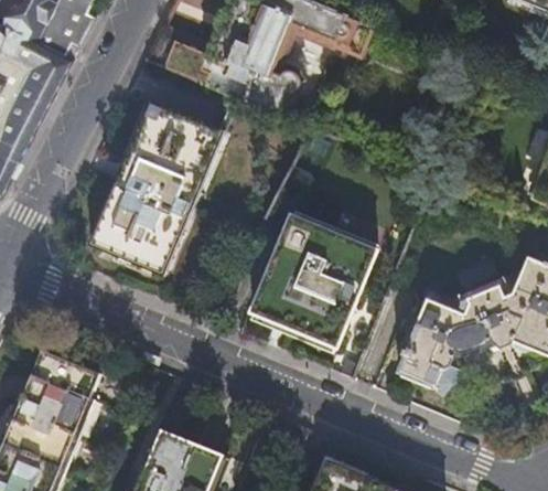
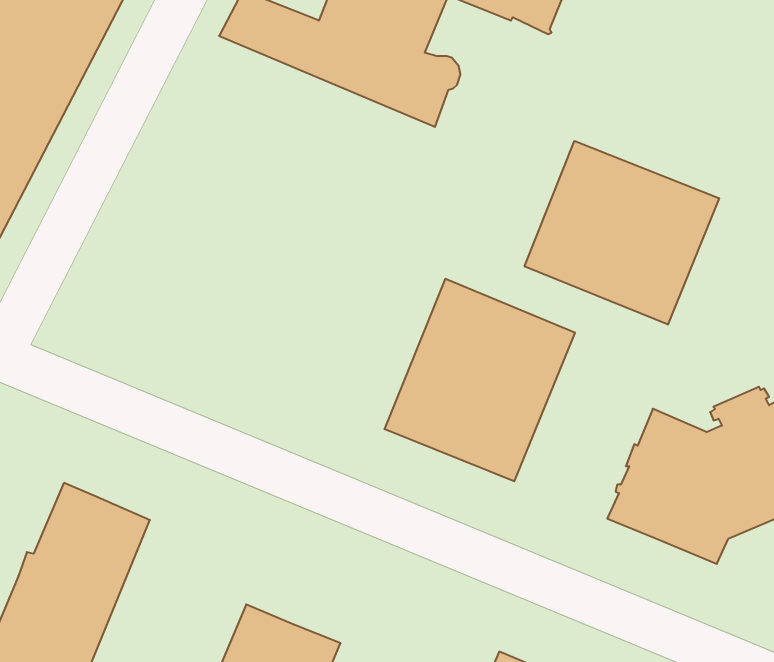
building: [90,99,224,276] -> none
building: none -> [525,141,719,325]

